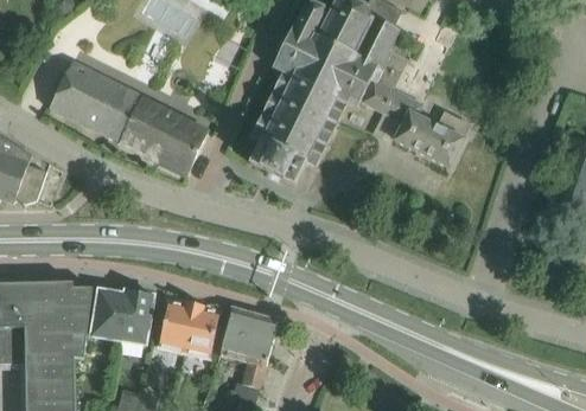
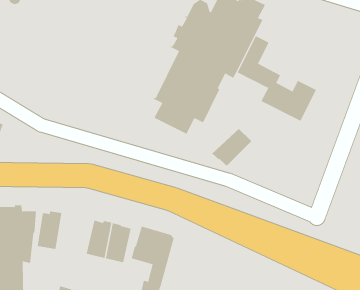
building: [49,59,208,174] -> none
building: none -> [212,128,252,167]
building: [117,289,153,342] -> none

